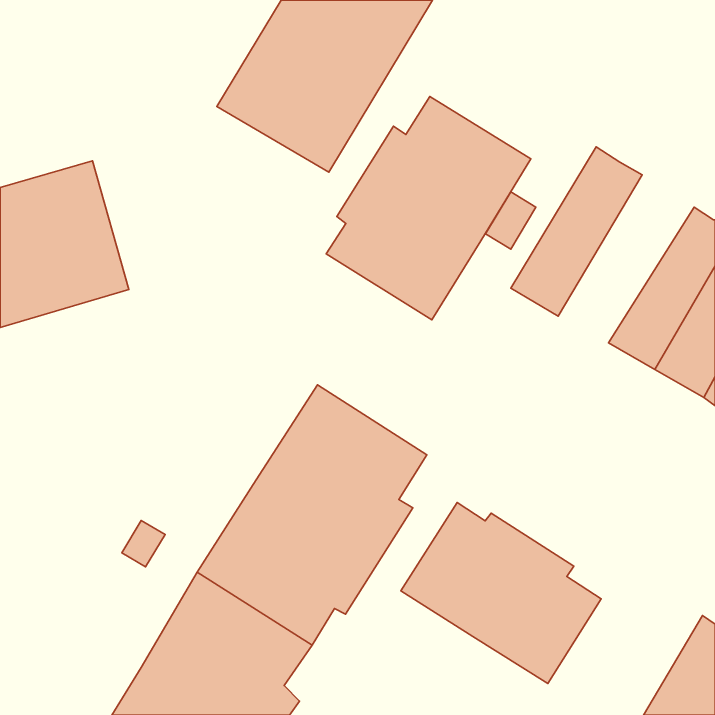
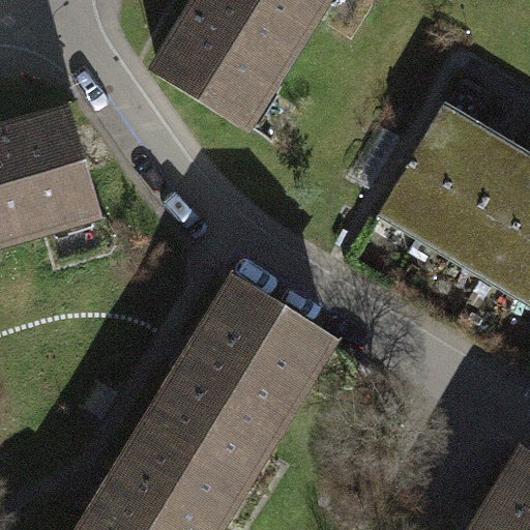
building: [326,97,531,320] -> none
building: none -> [413,129,513,254]
building: [401,502,601,684] -> none

